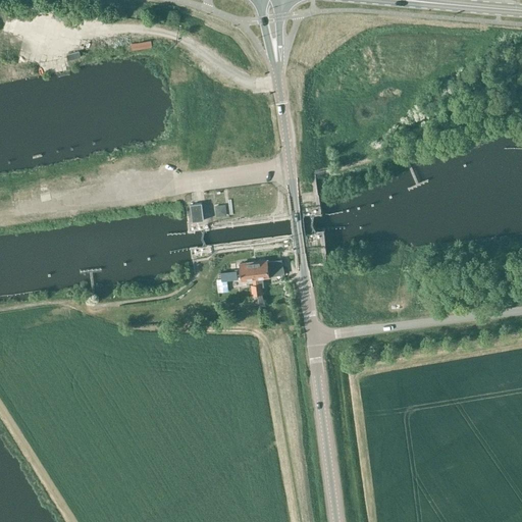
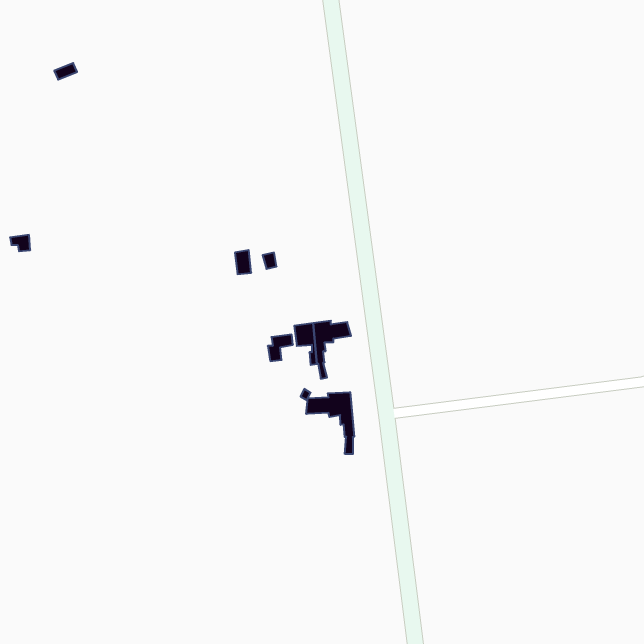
building: none -> [306,392,354,454]

